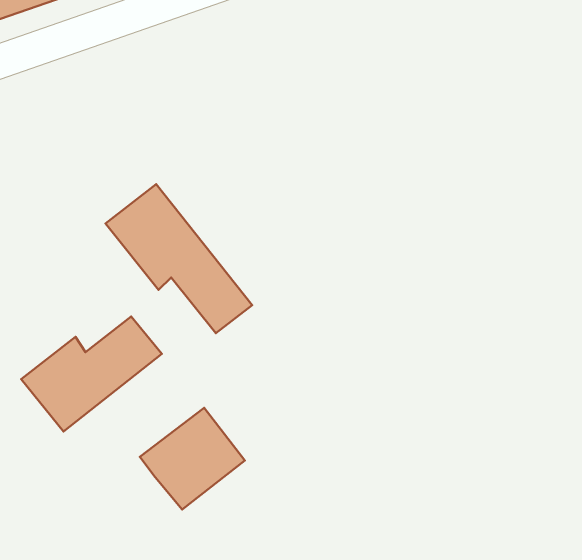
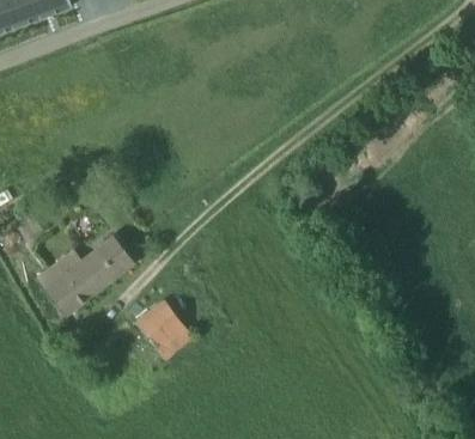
building: [106,184,252,333] -> none

